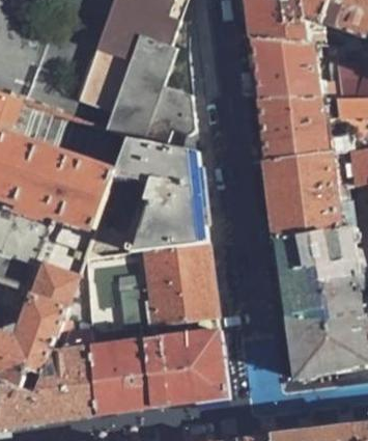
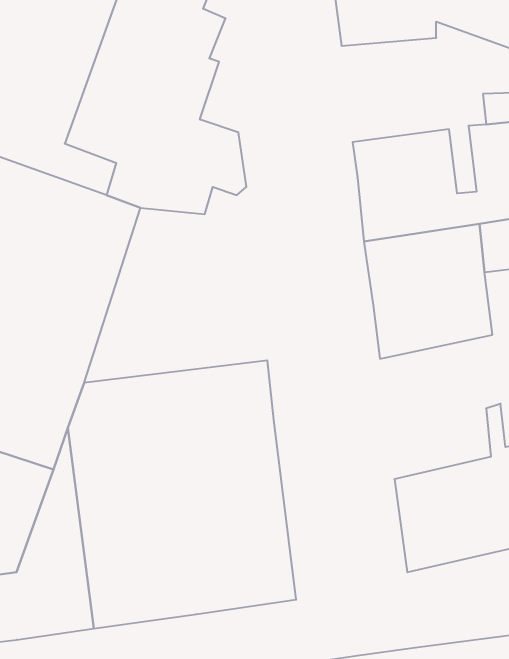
building: [252,34,345,102] -> none
building: [86,144,204,257] -> none
building: [277,226,355,320] -> none

